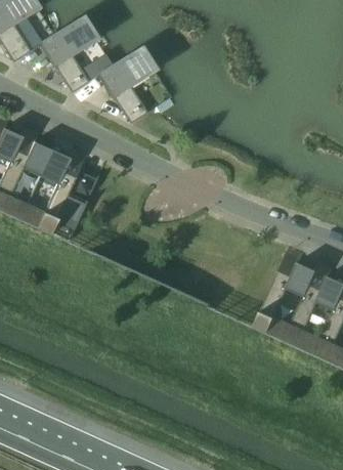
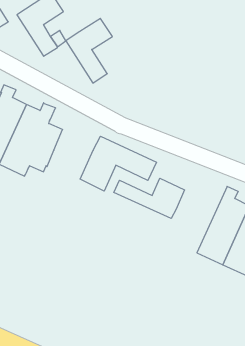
building: none -> [80,136,157,191]
building: none -> [114,178,185,218]

